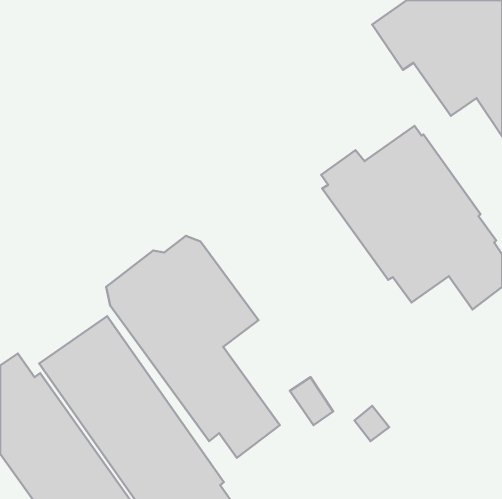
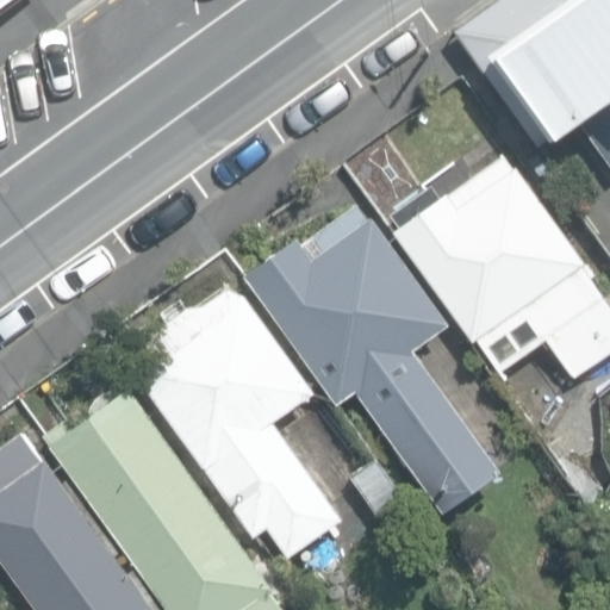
building: none -> [243,205,484,483]

